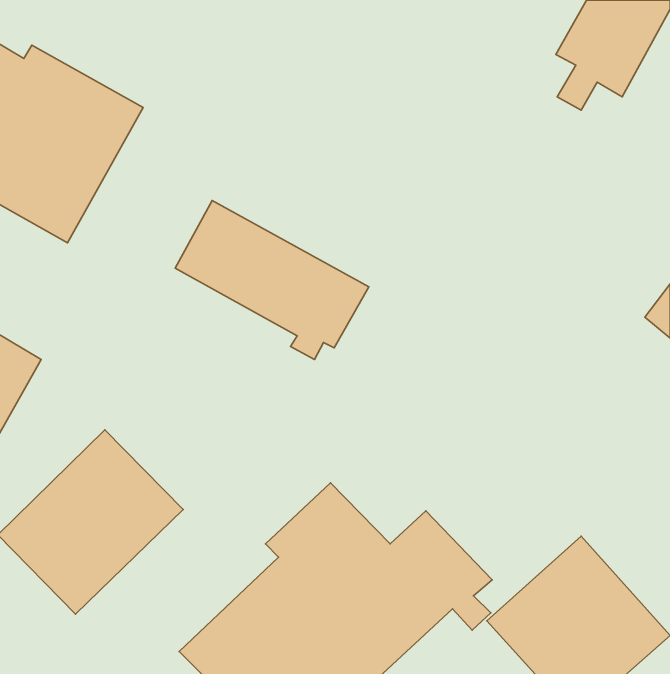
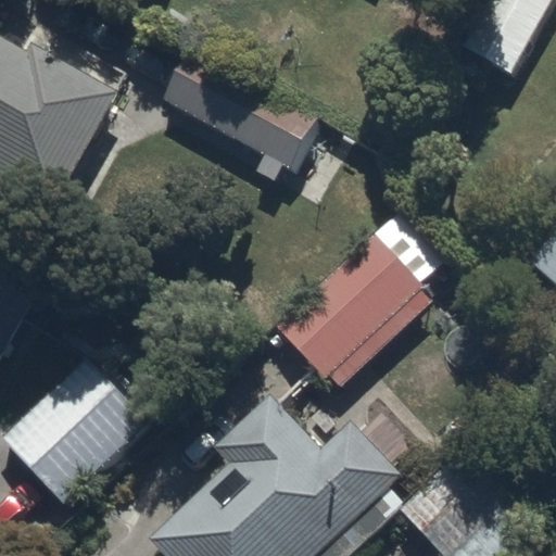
building: [175,200,369,360] -> [160,52,318,182]
building: none -> [275,216,440,392]

